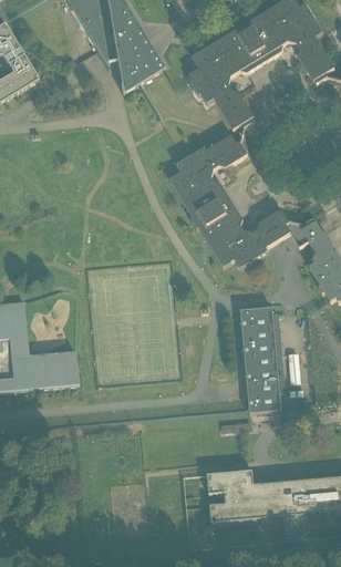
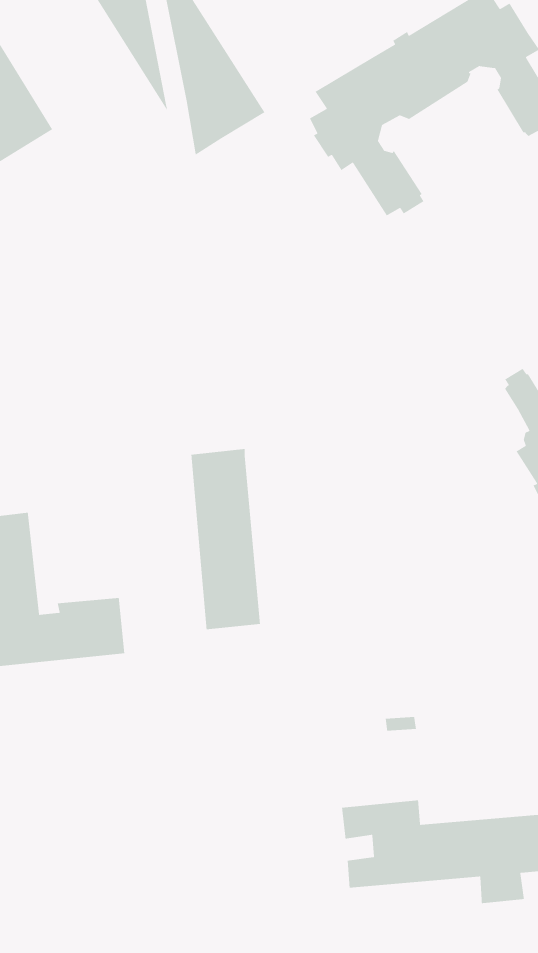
building: [168,133,290,266] -> none
building: [239,305,280,411] -> [191,448,261,630]

